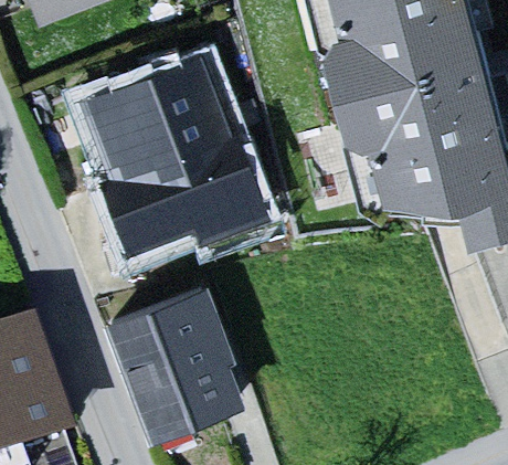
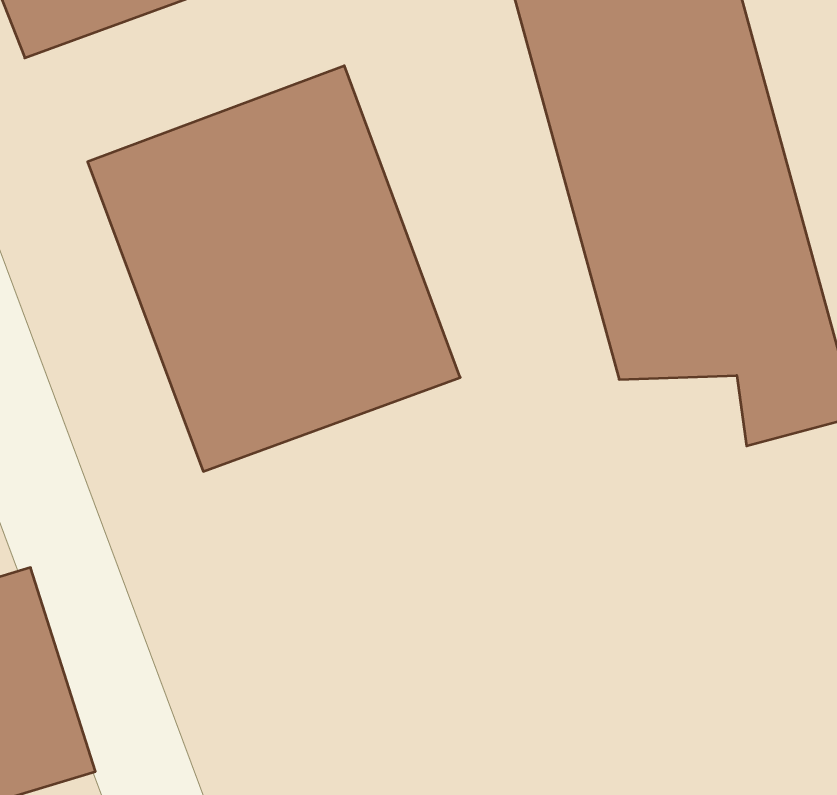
building: [105,285,251,441] -> none

